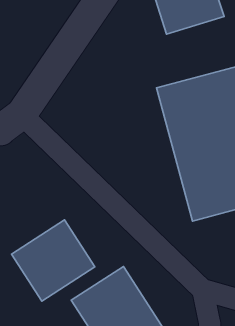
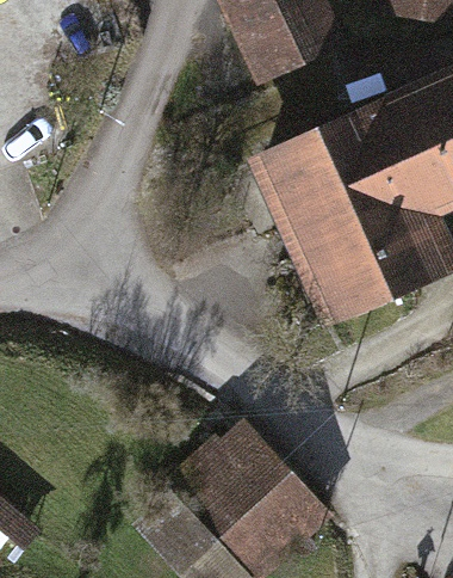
building: [11,220,95,301] -> none

